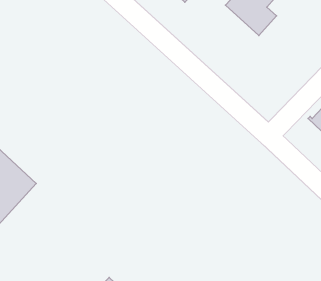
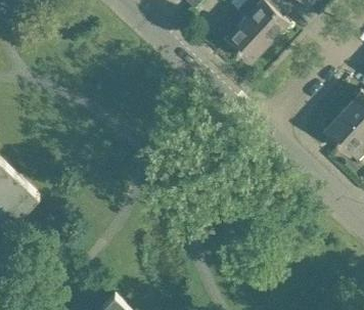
building: none -> [218,12,271,63]

